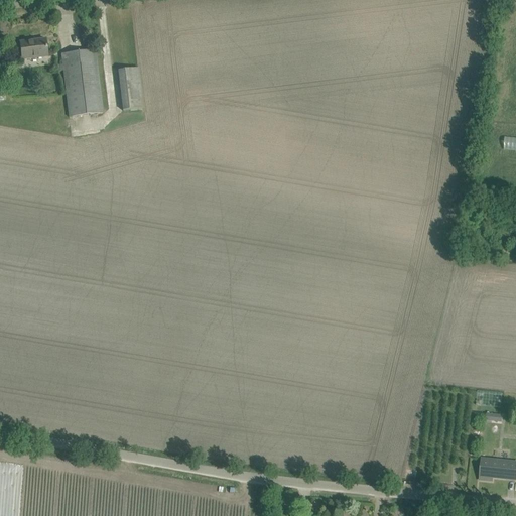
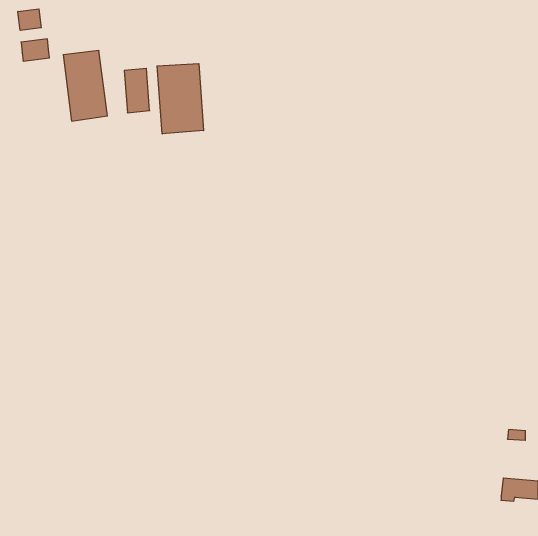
building: none -> [18,9,41,30]
building: none -> [157,64,204,134]

